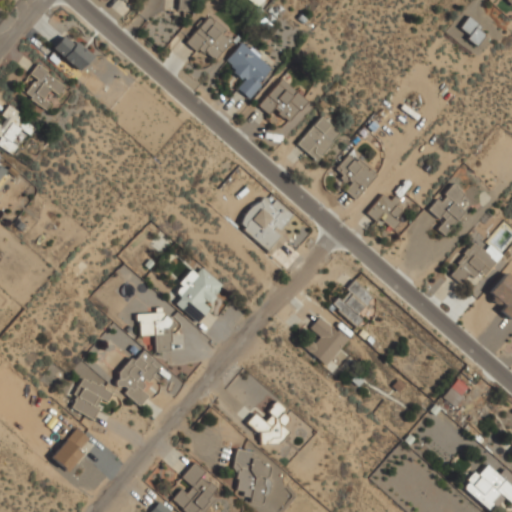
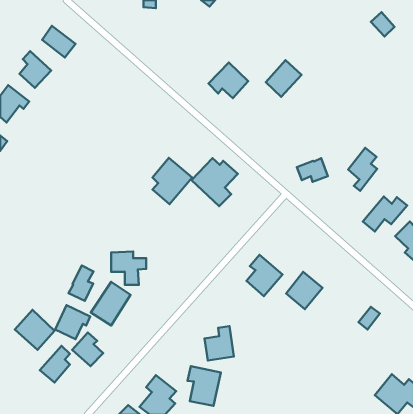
building: [189,16,236,63] -> none
building: [225,42,276,100] -> none
building: [298,116,342,161] -> [266,60,302,97]
building: [337,153,377,200] -> none
building: [176,265,225,322] -> [153,158,192,204]
building: [333,279,378,325] -> [286,272,323,309]
building: none -> [69,266,94,301]
building: none -> [15,310,55,350]
building: none -> [72,333,103,366]

